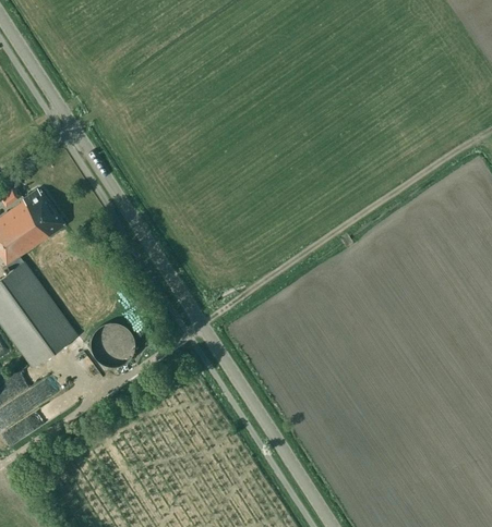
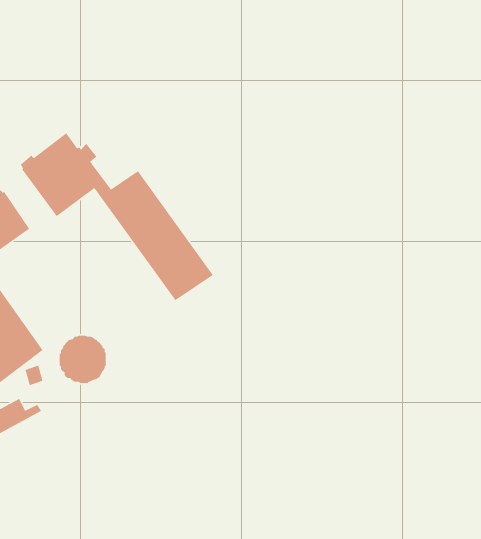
building: none -> [20,132,214,301]

